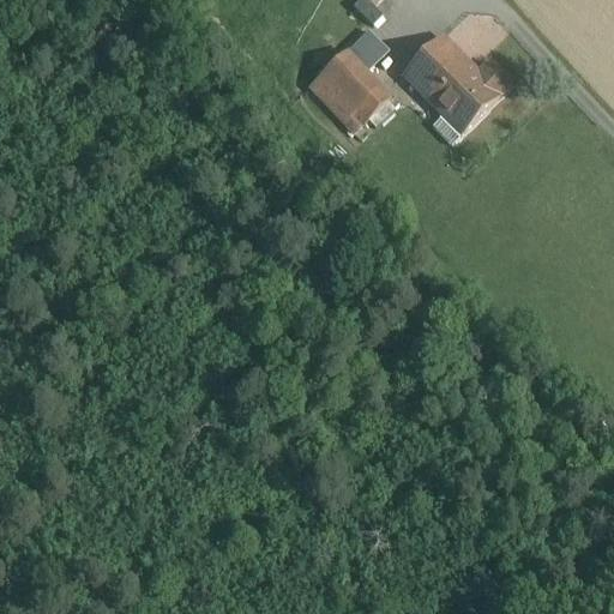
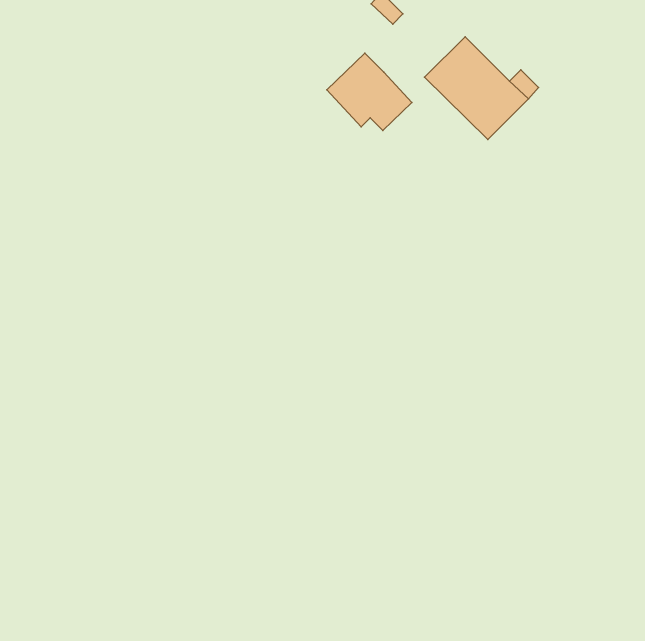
building: [345,29,386,68] -> none

